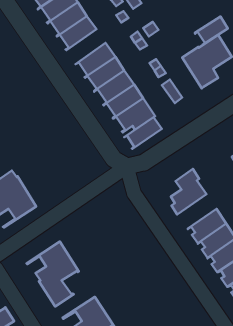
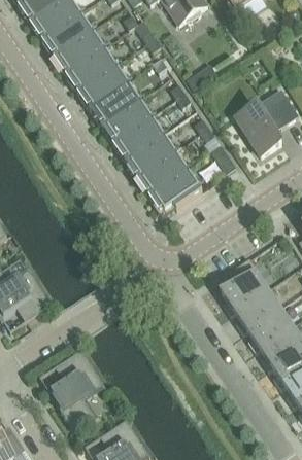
building: [195,16,228,45] -> none
building: none -> [89,79,138,123]
building: [124,117,162,149] -> none
building: none -> [229,288,278,331]

